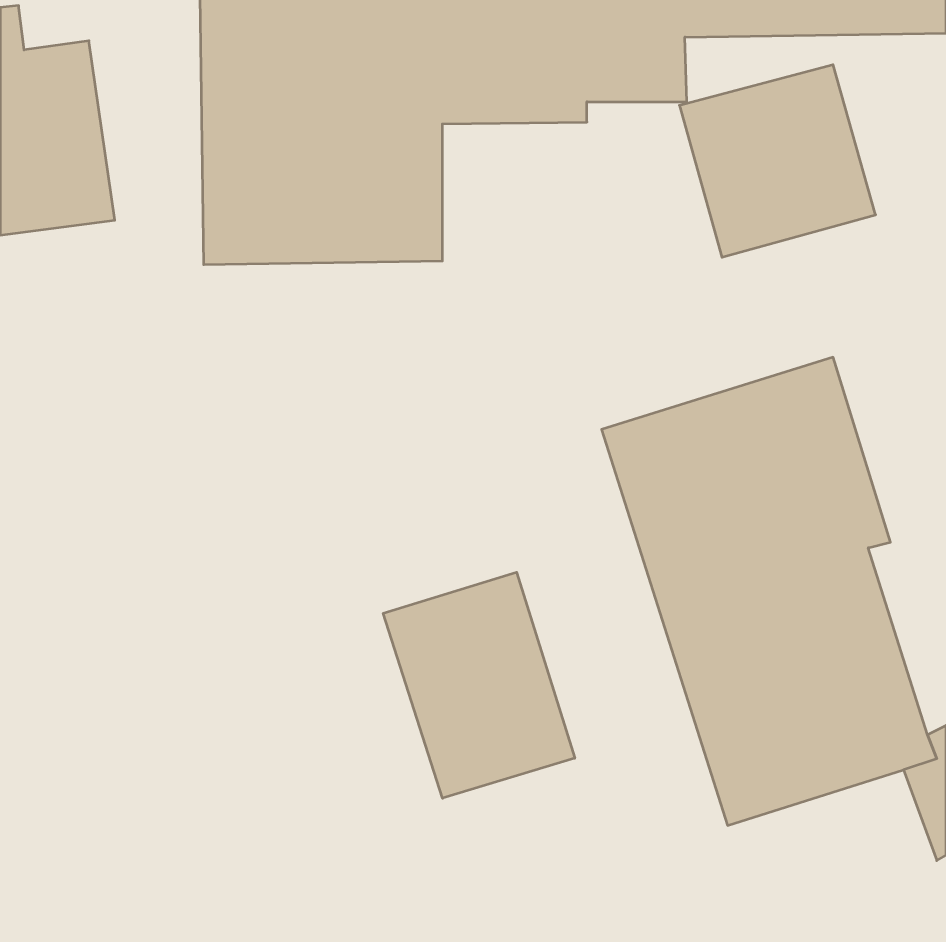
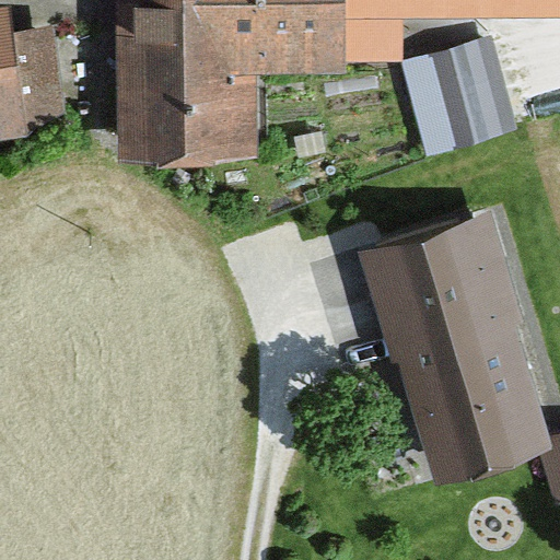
building: [383,572,575,798] -> none

